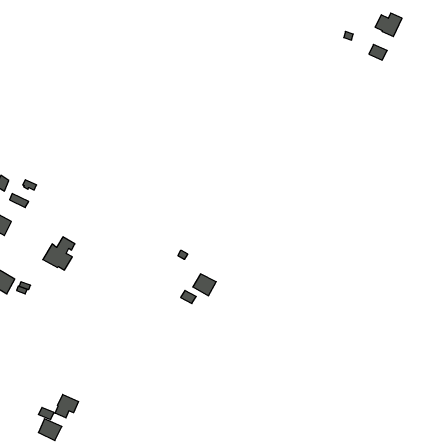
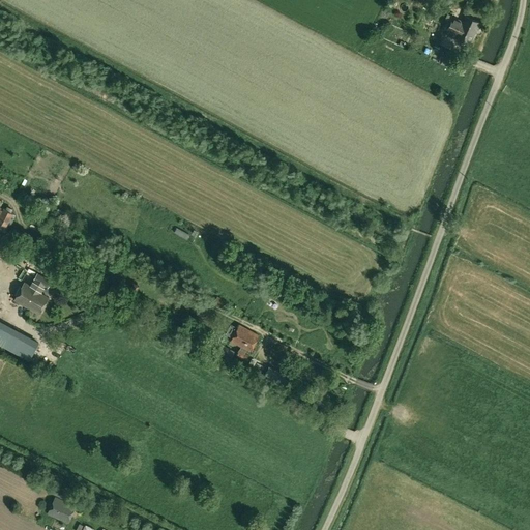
building: [43,237,75,270] -> [11,275,50,315]
building: [55,394,79,418] -> none

